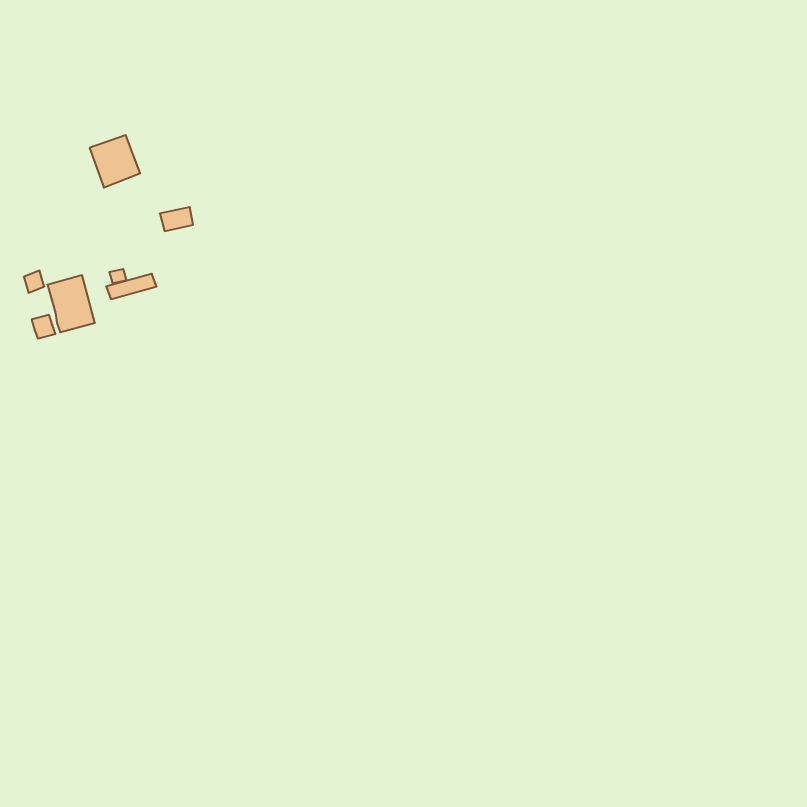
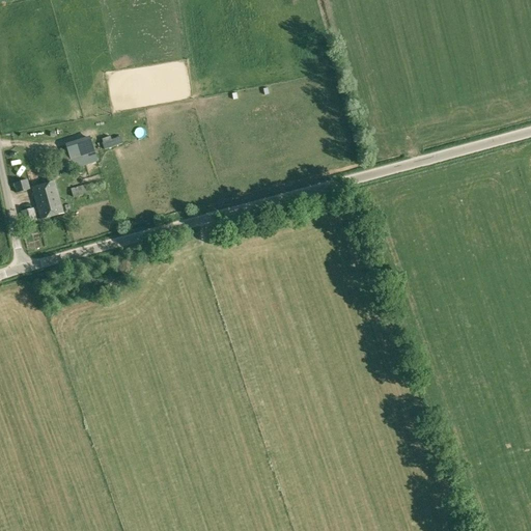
building: [90,135,140,188] -> [64,135,97,169]

